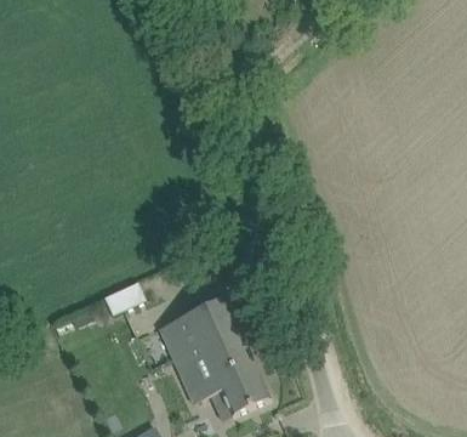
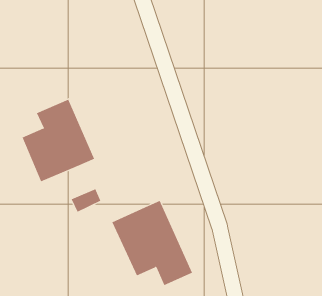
building: none -> [22,99,95,182]

